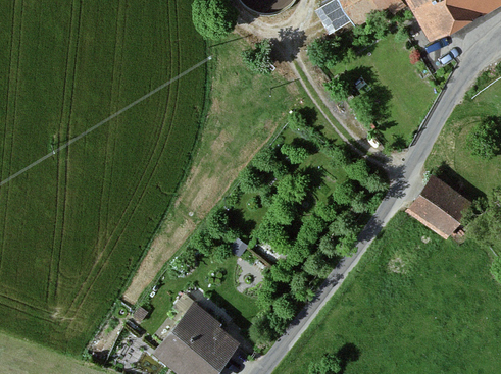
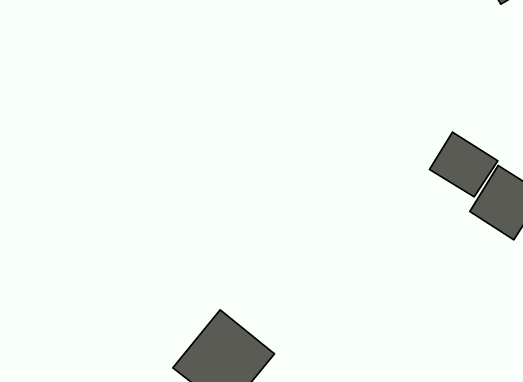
building: none -> [430,132,498,197]

